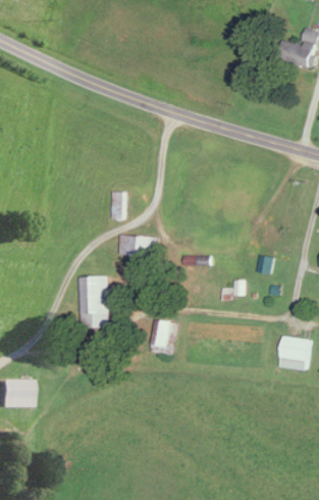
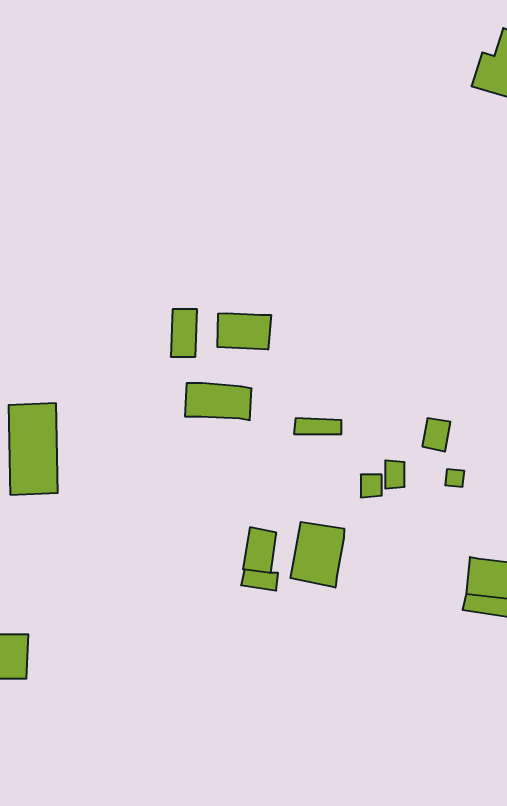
building: none -> [217,313,271,350]
building: [79,276,108,329] -> [9,403,58,495]
building: none -> [290,522,344,588]

